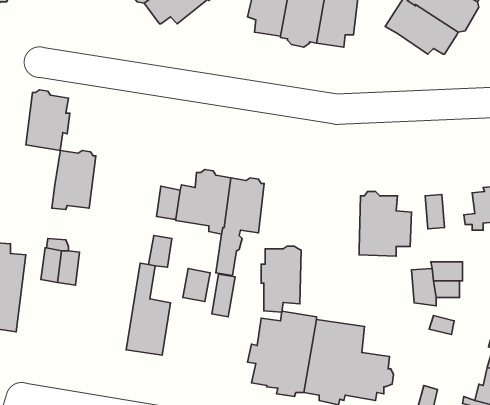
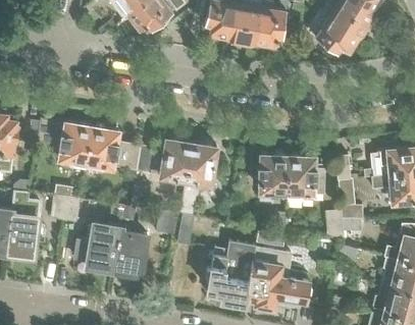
building: [26,90,70,150] -> [87,125,119,170]
building: [261,246,301,312] -> [258,154,288,203]
building: none -> [73,205,124,271]

